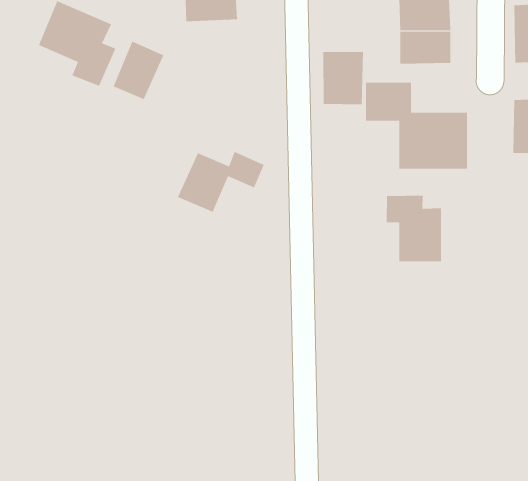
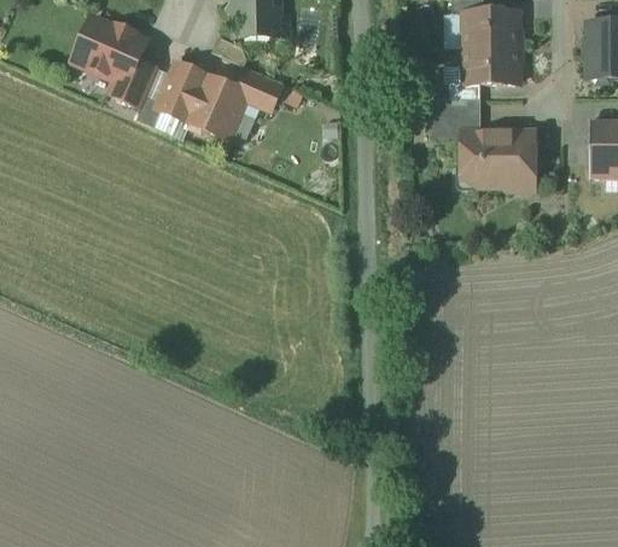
building: [323,51,364,105] -> none
building: [177,151,264,213] -> [187,70,281,136]
building: [386,195,441,262] -> none

